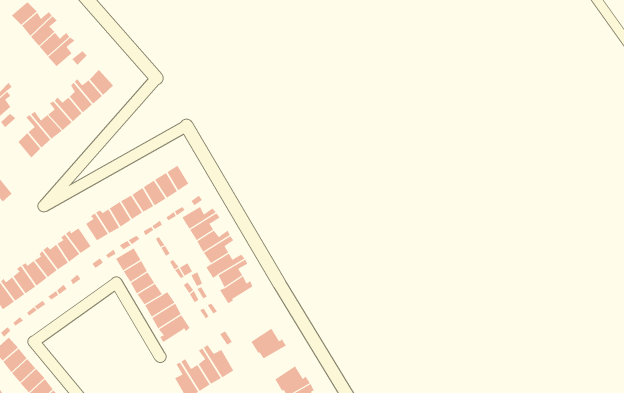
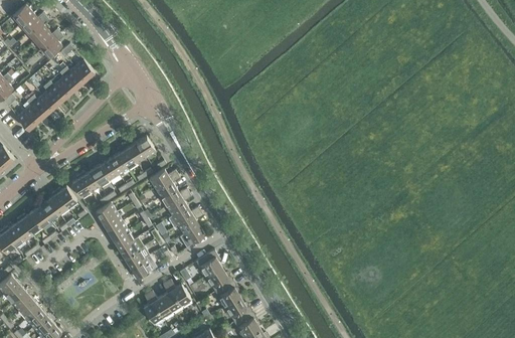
building: none -> [195,250,221,279]
building: none -> [214,282,240,309]

